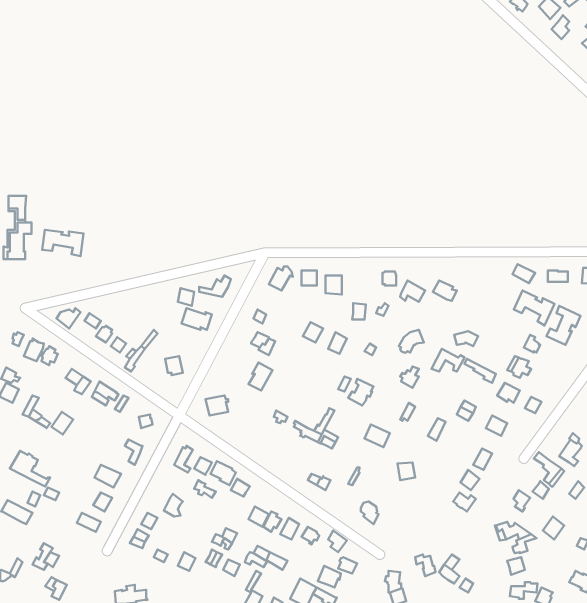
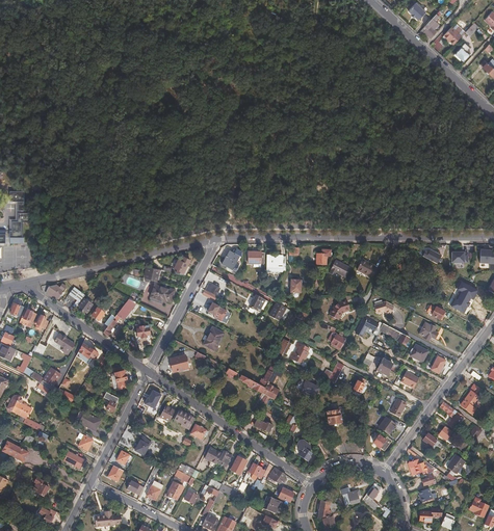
building: [42,230,84,256] -> none
building: [514,291,555,326] -> none

